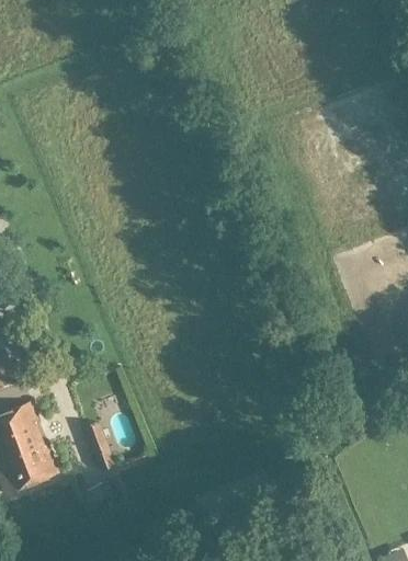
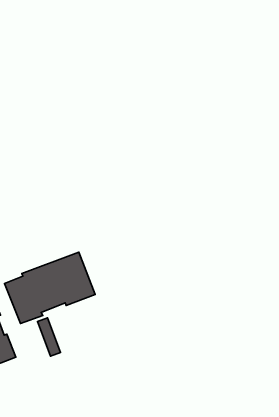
building: none -> [5,252,95,324]

